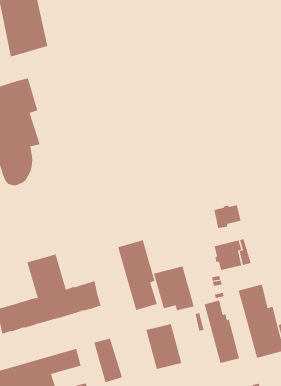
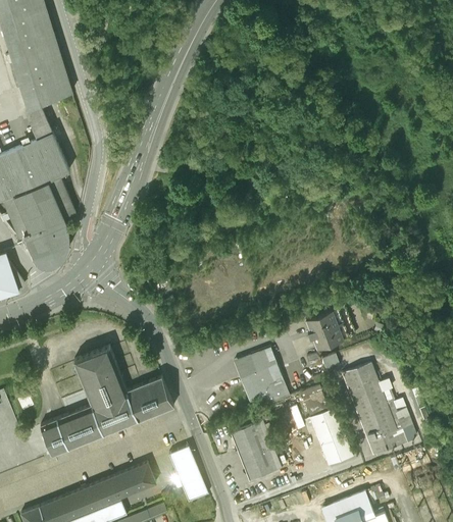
building: none -> [23,104,52,139]
building: [214,205,241,229] -> none
building: [118,240,158,311] -> none

